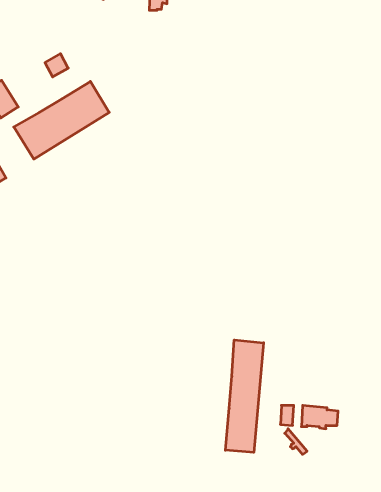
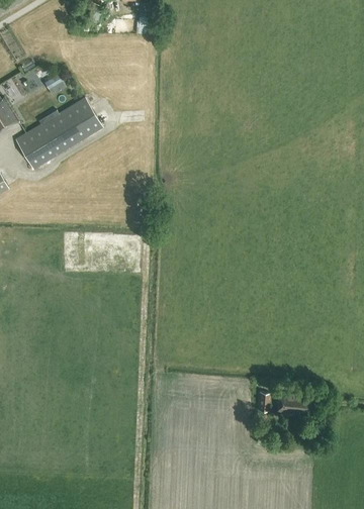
building: [225,340,264,452] -> none

